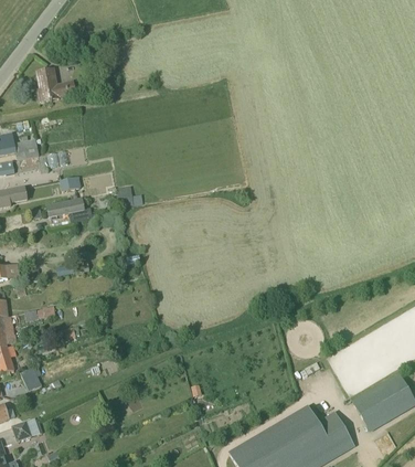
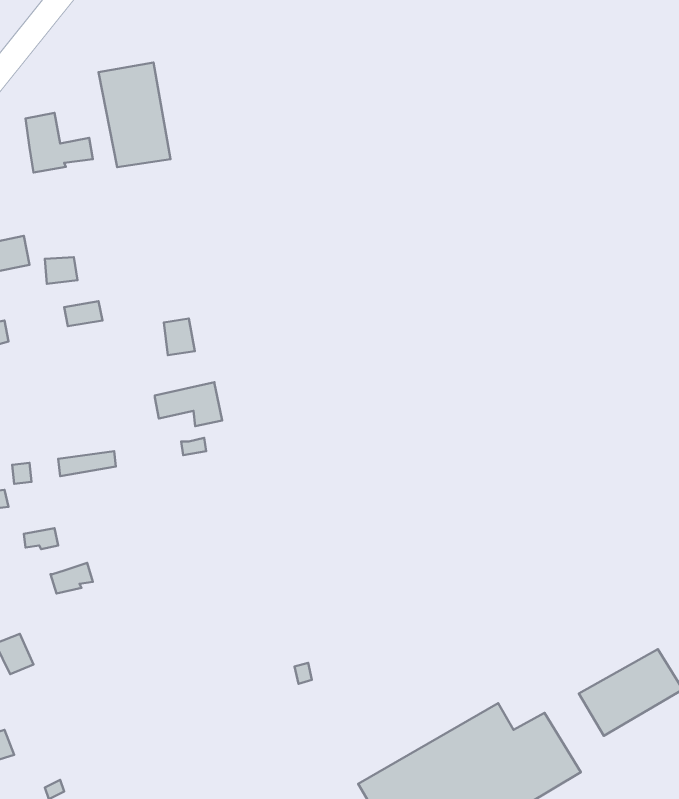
building: none -> [98,63,170,167]
building: [46,195,85,221] -> [155,382,222,426]

